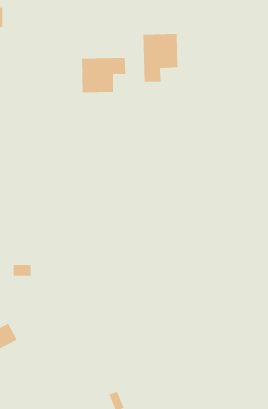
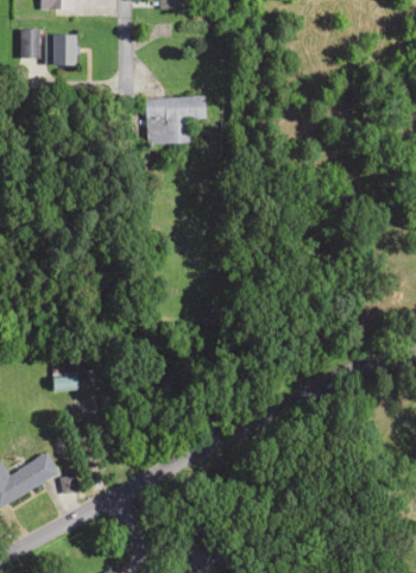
building: none -> [45,33,76,64]
building: [143,33,178,82] -> none

